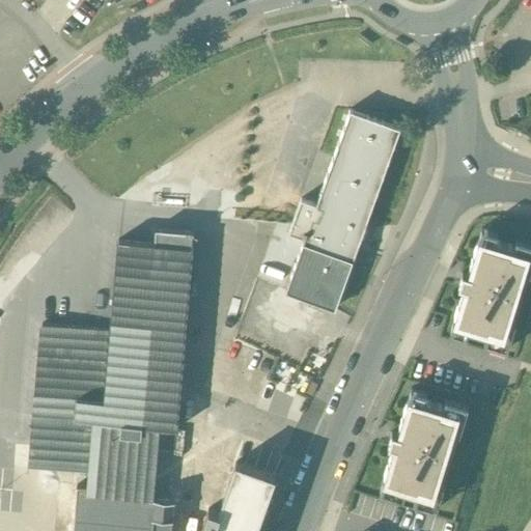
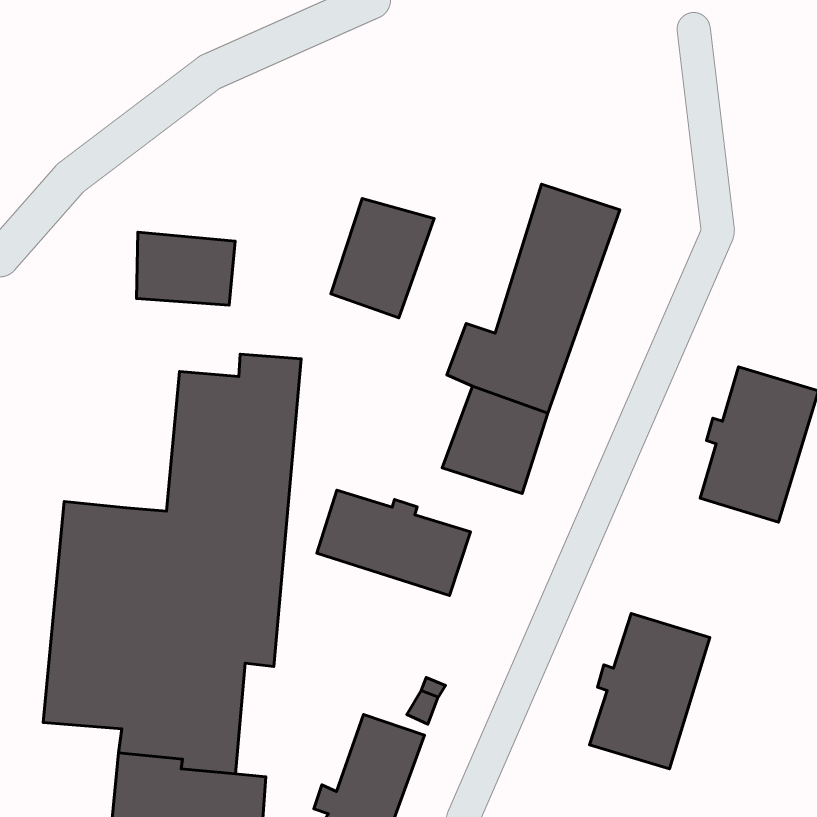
building: none -> [331,198,434,318]
building: none -> [136,232,235,305]
building: none -> [317,490,470,596]

